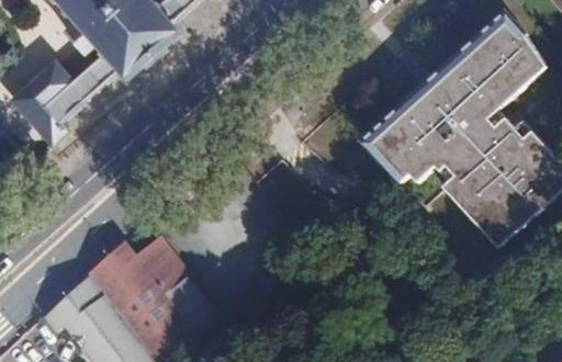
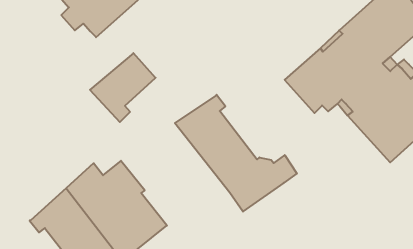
building: [16,57,101,146] -> [90,53,156,122]
building: none -> [175,95,297,212]

